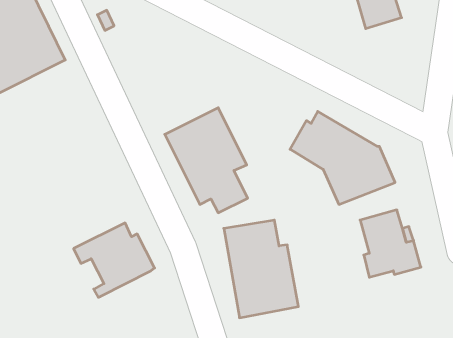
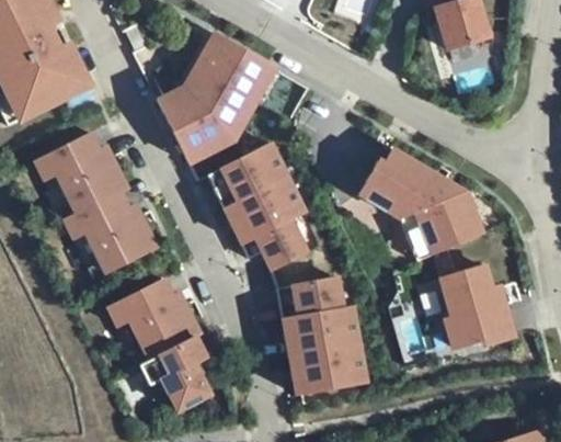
building: none -> [159,32,276,161]
building: none -> [33,129,157,279]
building: none -> [131,337,207,410]

